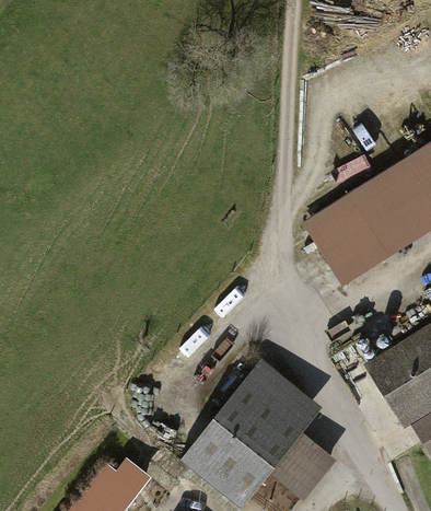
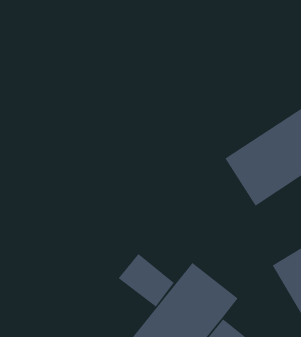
building: none -> [118,253,175,307]

